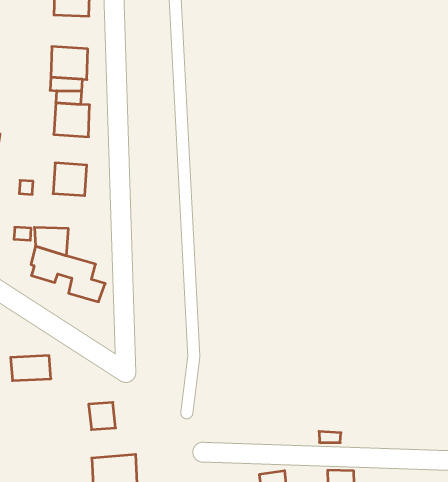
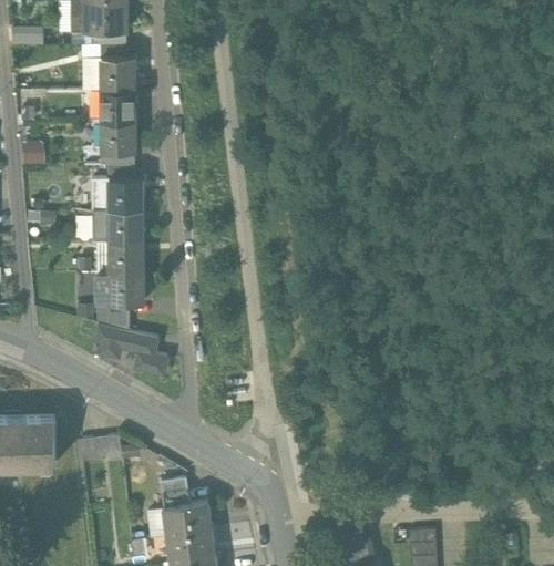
building: none -> [99,86,135,120]
building: none -> [91,208,142,237]
building: none -> [93,268,143,303]
building: none -> [162,498,211,533]

